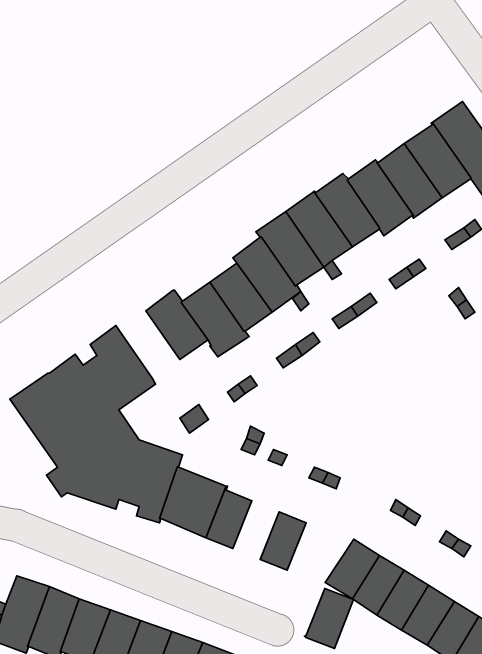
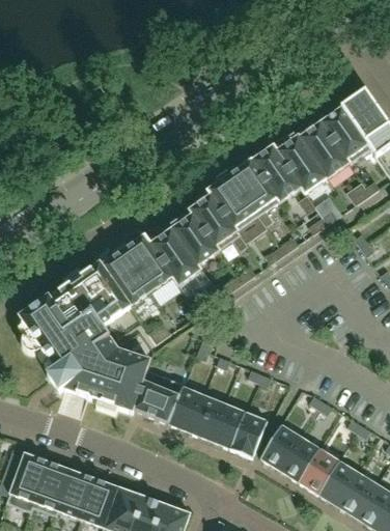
building: none -> [103,250,149,302]
building: none -> [190,395,225,440]
building: [304,589,353,648] -> [230,412,268,457]

